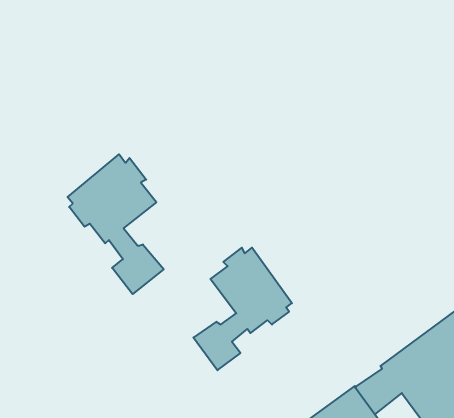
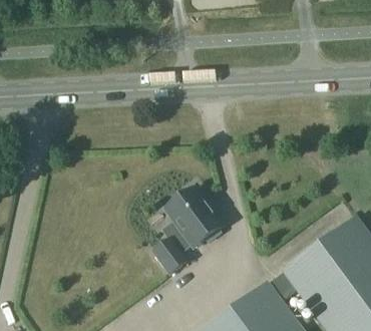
building: [68,154,164,294] -> none

